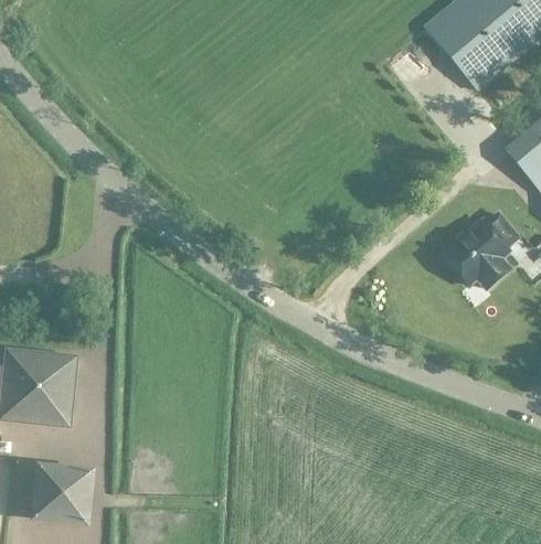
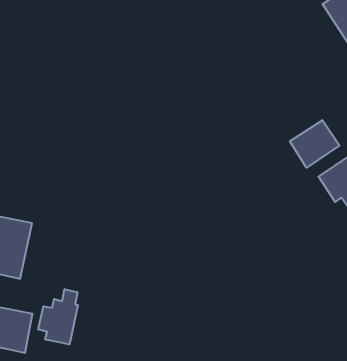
building: none -> [290,120,339,168]
building: none -> [38,289,78,345]

